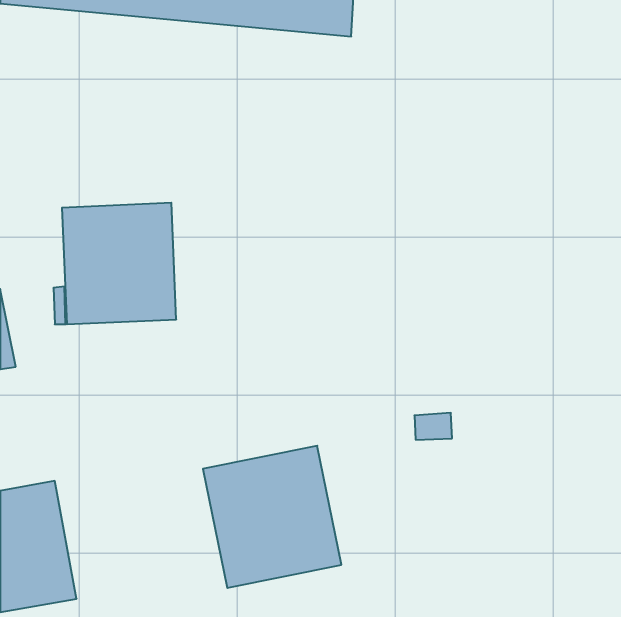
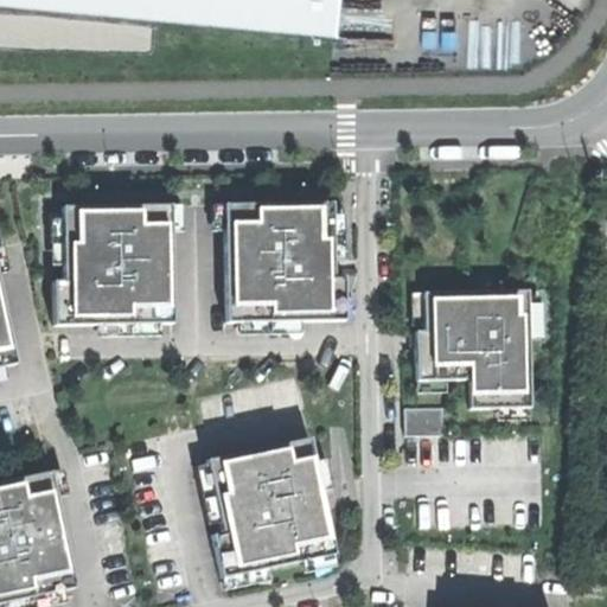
building: none -> [223,197,345,317]
building: none -> [409,285,529,404]

